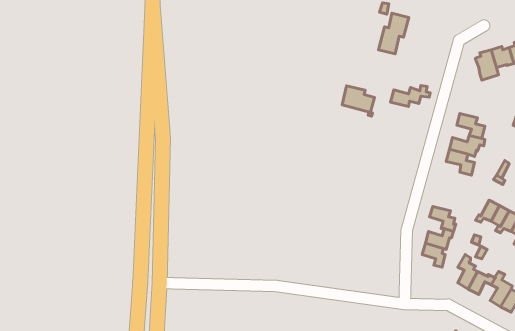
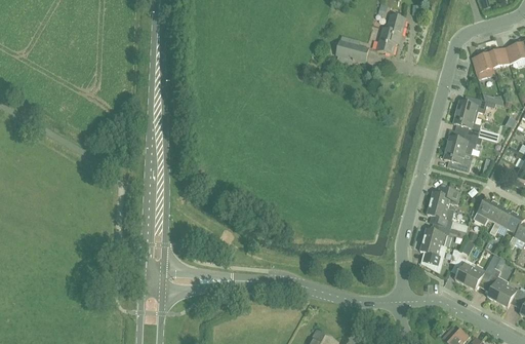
building: [391,86,430,106] -> [456,95,495,116]
building: [342,86,375,116] -> [336,36,368,66]
building: none -> [430,186,459,207]

